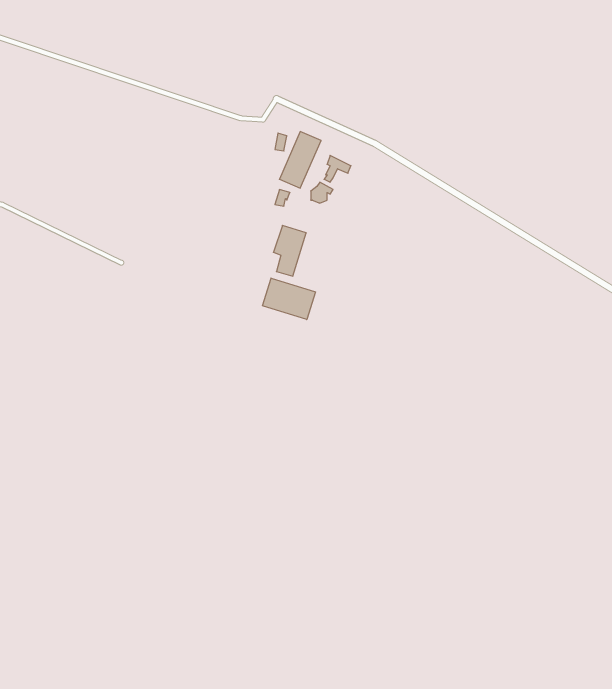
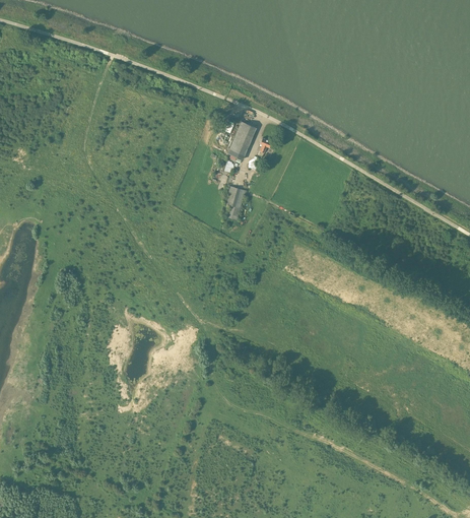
building: [262,278,316,320] -> none

